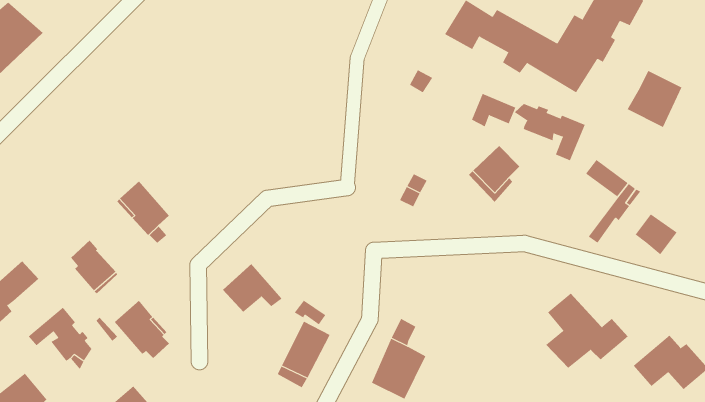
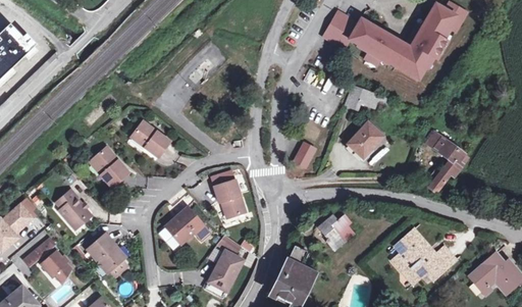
building: [627,70,682,128] -> none
building: [514,103,586,161] -> none
building: none -> [130,119,168,155]
building: [635,213,677,255] -> none
building: none -> [213,177,246,215]
building: none -> [318,213,353,248]

